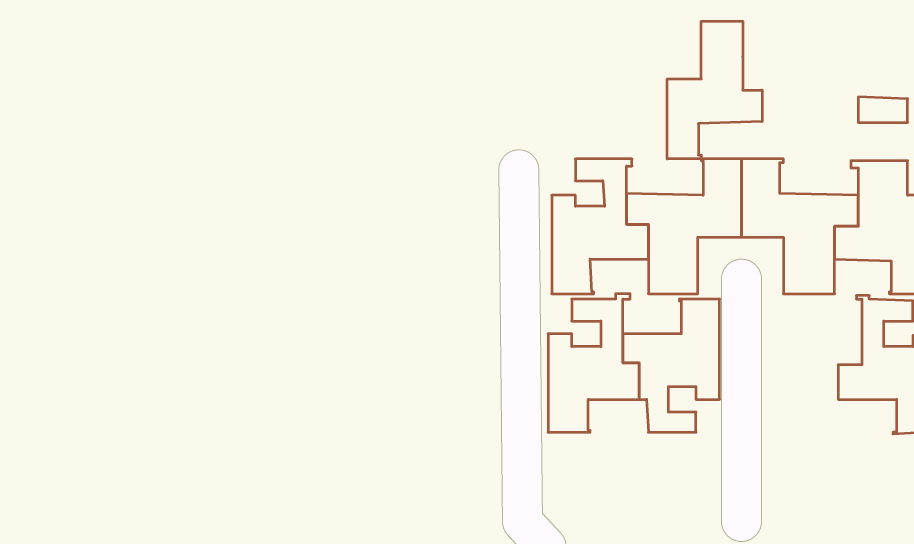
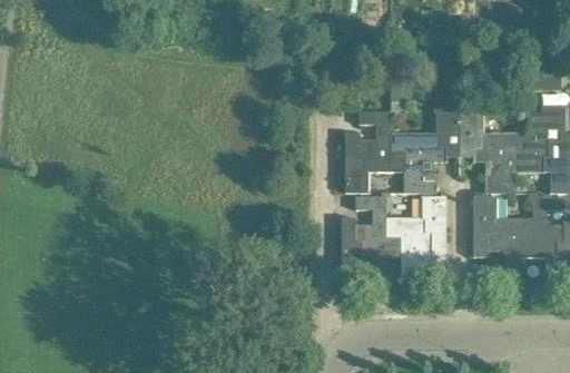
building: [667,21,762,159] -> none
building: none -> [474,196,533,277]

